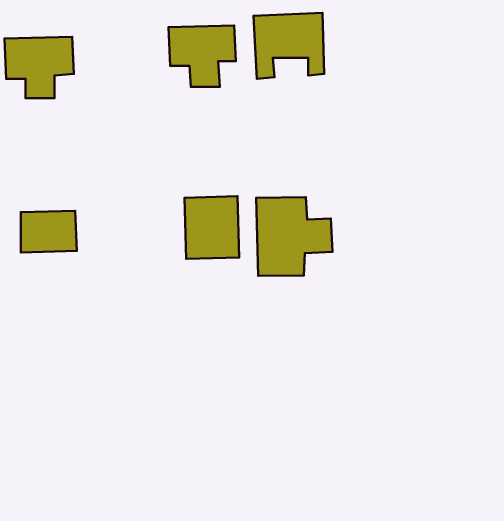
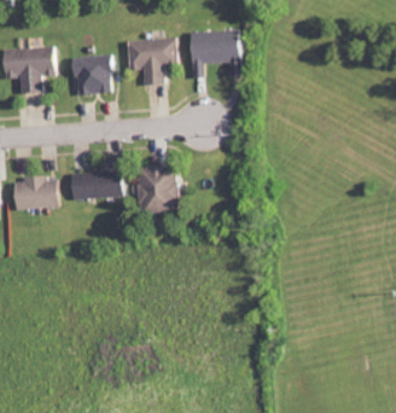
building: none -> [71,53,113,97]
building: [256,197,333,276] -> none
building: none -> [71,171,123,198]

